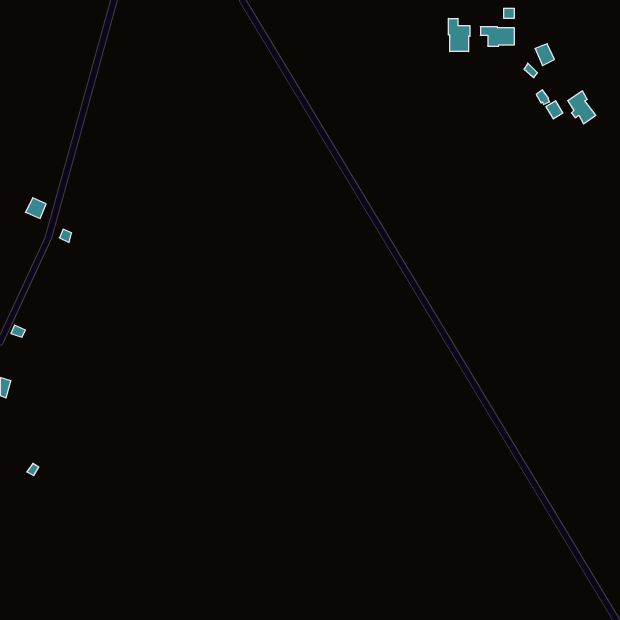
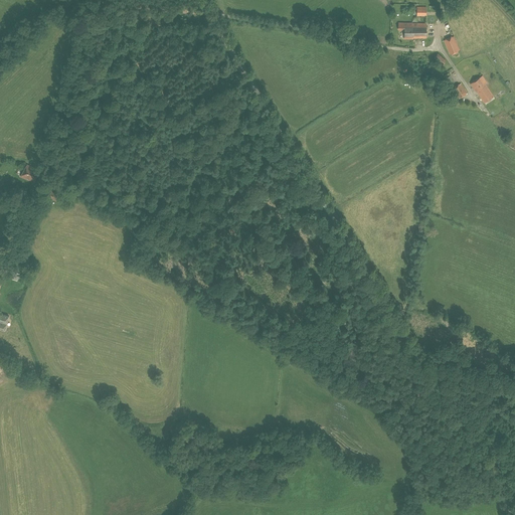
building: [448,18,470,52] -> none

